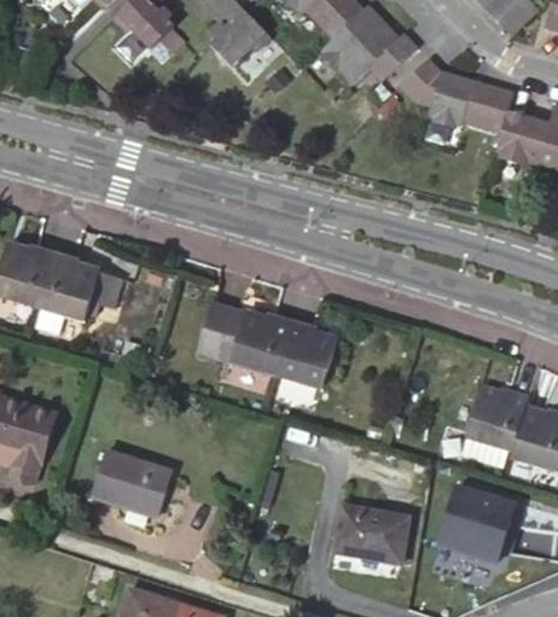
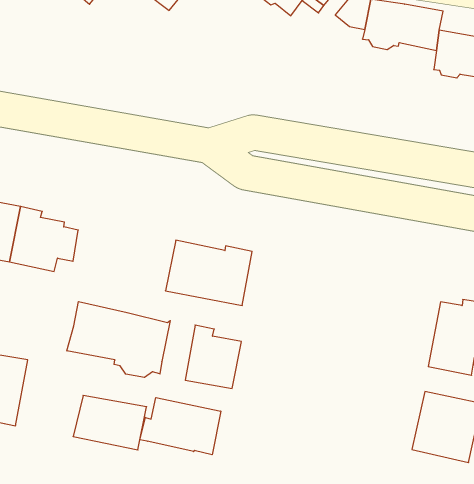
building: [278,321,339,390] -> [185,325,241,388]
building: none -> [67,302,170,377]
building: none -> [140,398,221,455]
building: [336,505,417,563] -> none

